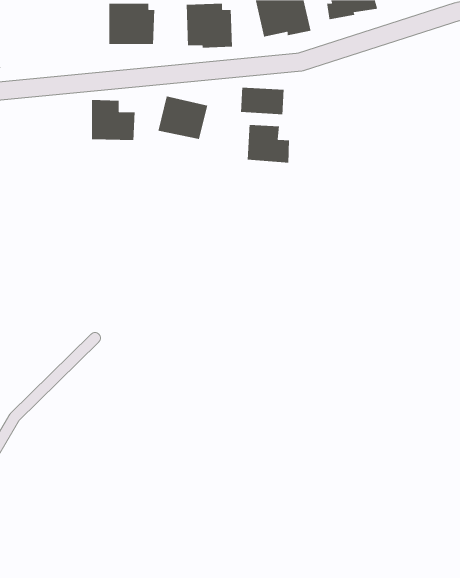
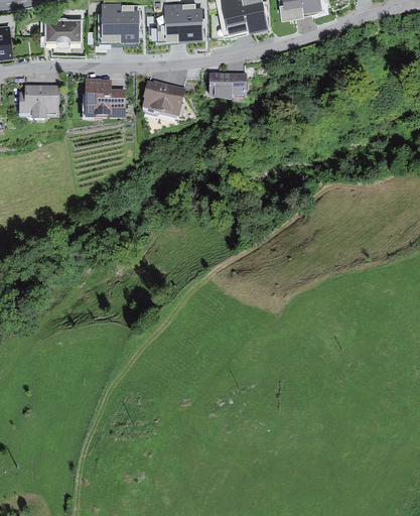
building: none -> [39,17,84,44]
building: none -> [21,89,57,113]
building: [247,124,290,164] -> none

